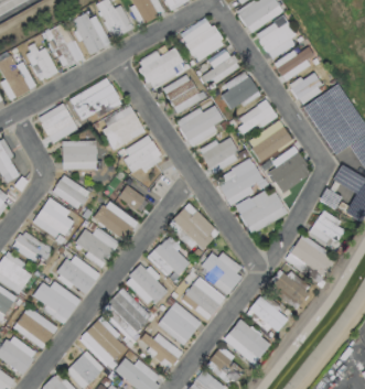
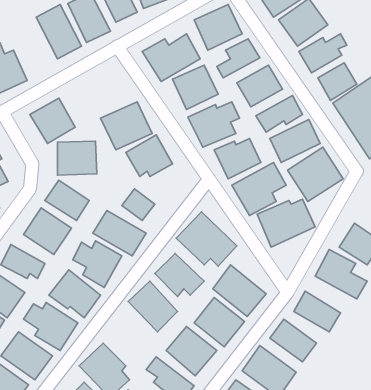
building: [25,46,56,80] -> none
building: [69,77,120,121] -> none
building: [100,288,152,339] -> none

